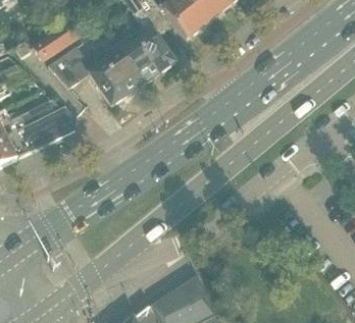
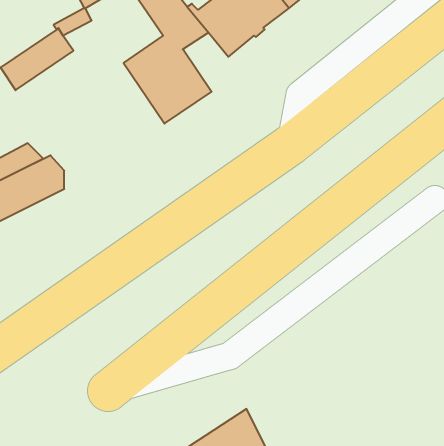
building: [46,44,141,106] -> none

